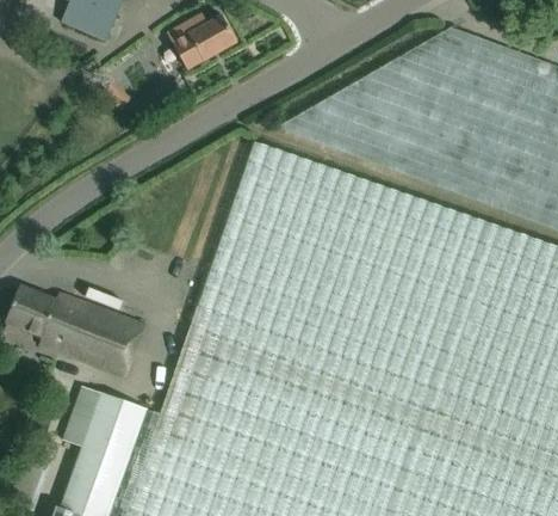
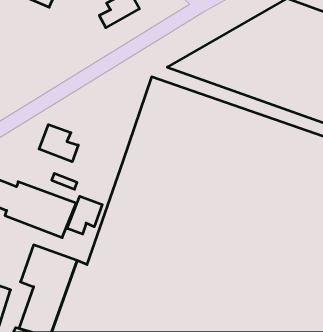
building: none -> [39,125,78,162]
building: none -> [67,196,102,234]

